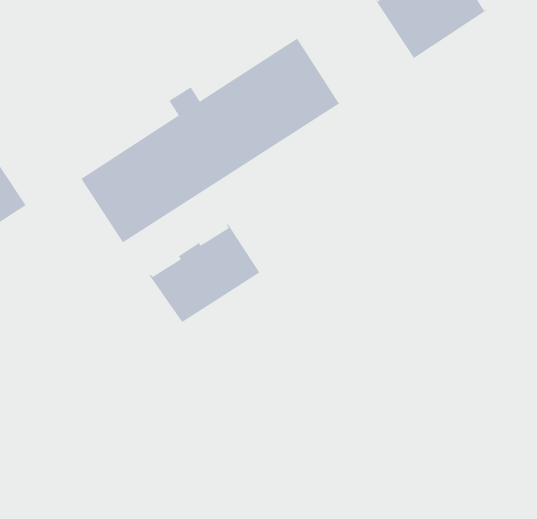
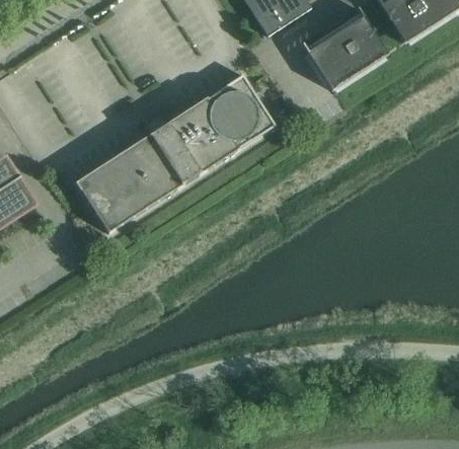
building: [149,223,260,324] -> none

